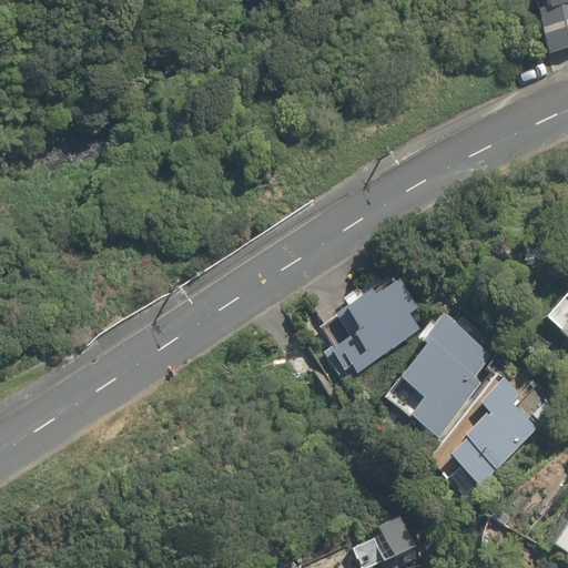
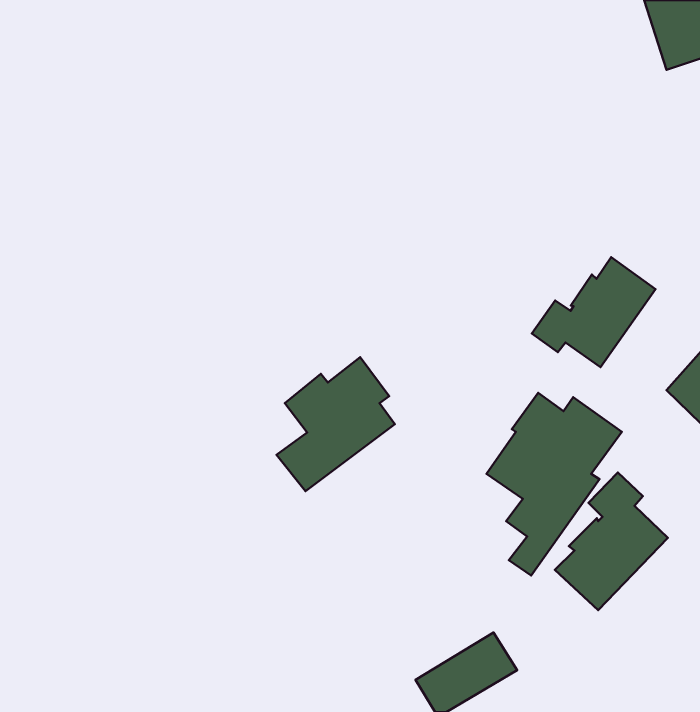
building: none -> [532,257,656,367]
building: [329,276,424,383] -> [276,357,395,491]

